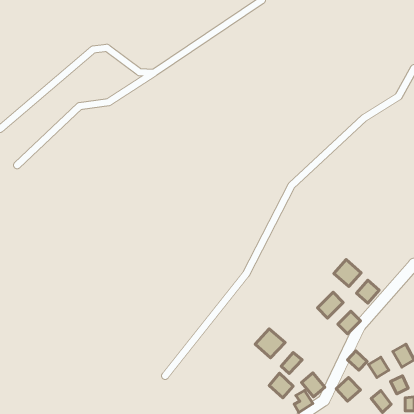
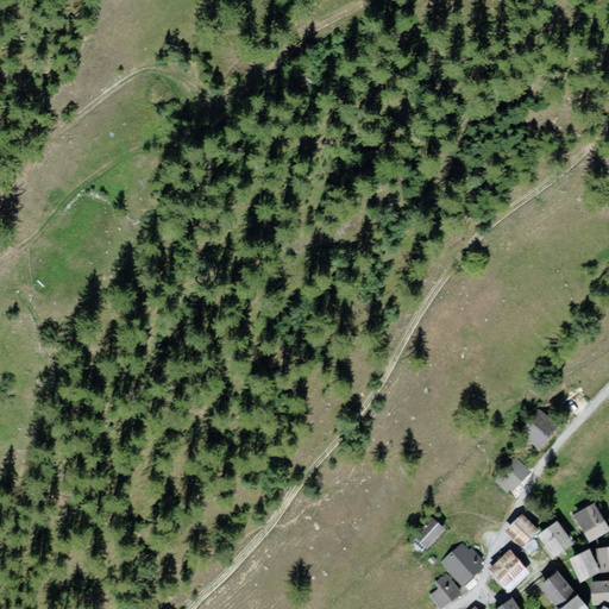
building: [334,260,361,287] -> none
building: [317,292,343,318] -> none
building: [255,329,285,358] -> none
building: [269,373,293,398] -> none

